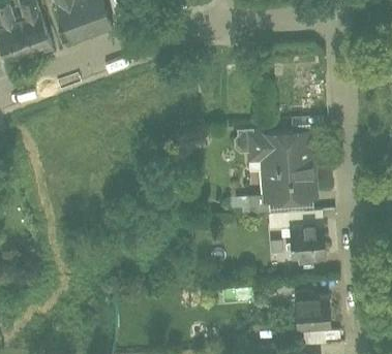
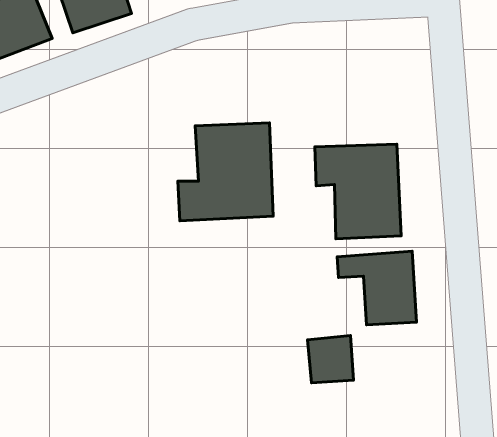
building: none -> [178,123,273,221]
building: [298,291,332,326] -> [307,336,353,383]

